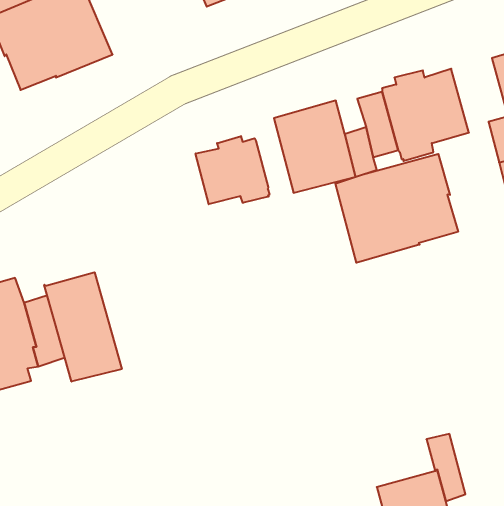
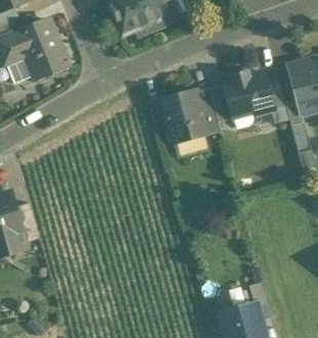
building: [196,136,269,204] -> none
building: [335,154,458,263] -> none
building: [44,272,122,382] -> none

